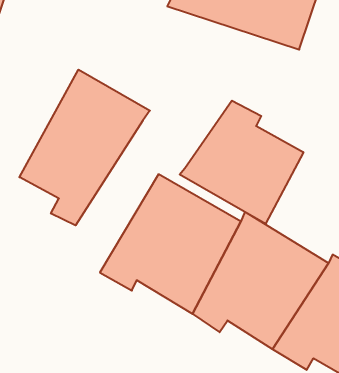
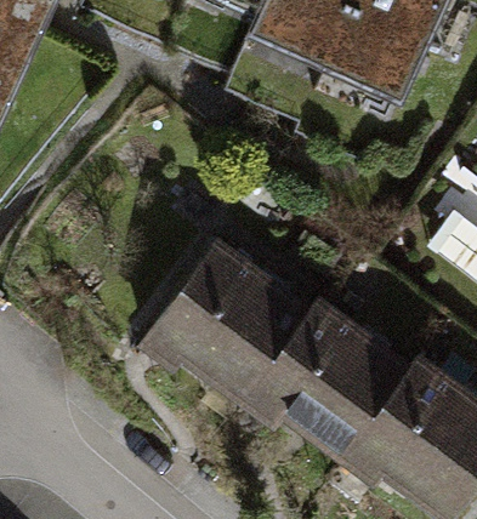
building: [19,70,150,225] -> none
building: [180,101,303,224] -> none

